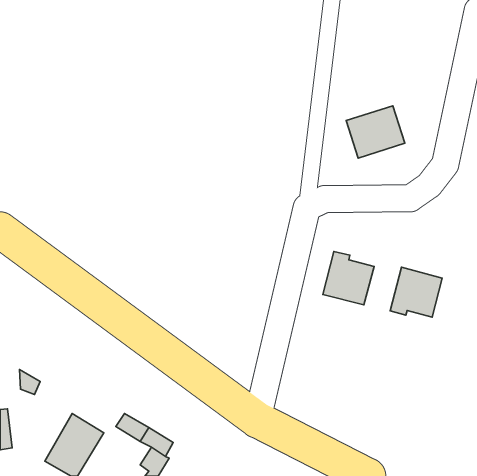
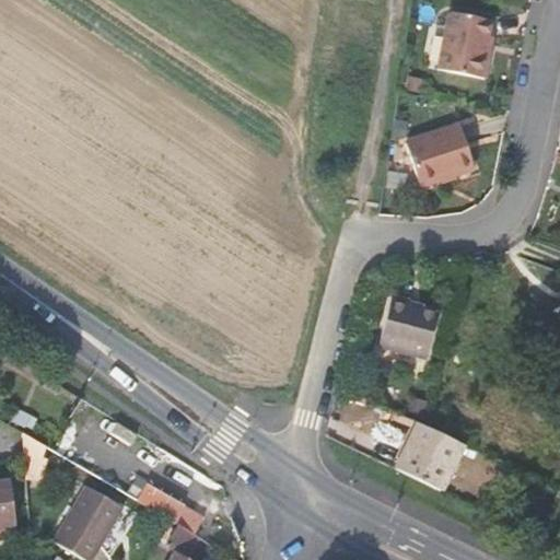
building: none -> [439,10,492,78]
building: [390,267,442,317] -> none
building: none -> [396,421,464,490]

